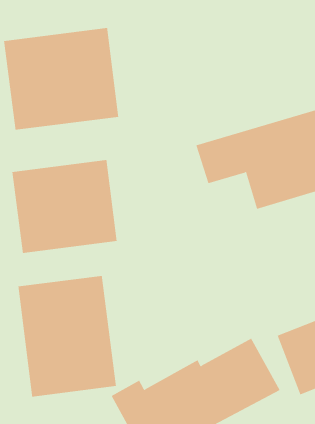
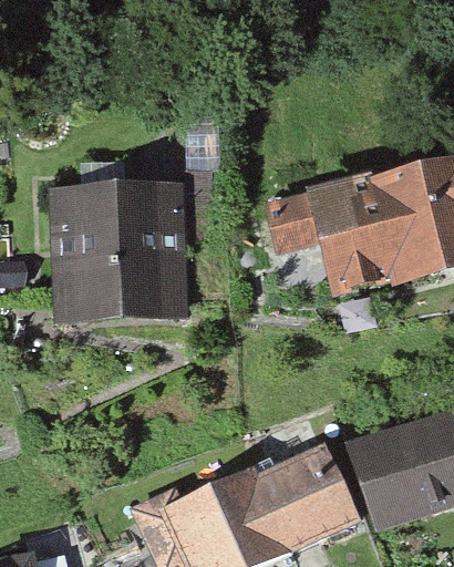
building: [4,27,119,131] -> none
building: [18,275,117,397] -> none

